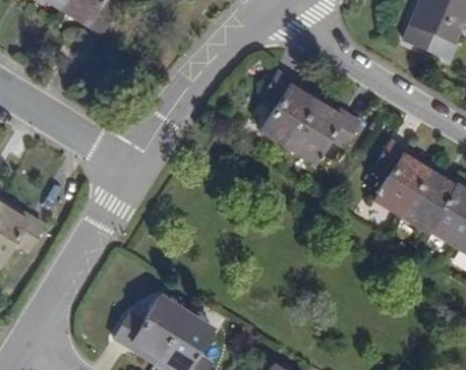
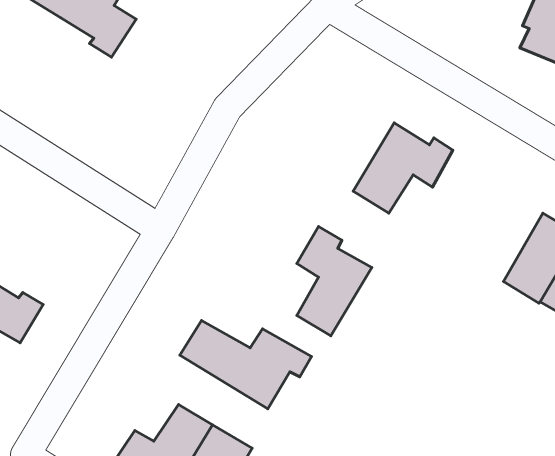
building: [260,64,316,145] -> [297,227,372,336]
building: [370,131,427,212] -> none
building: none -> [180,320,311,409]

